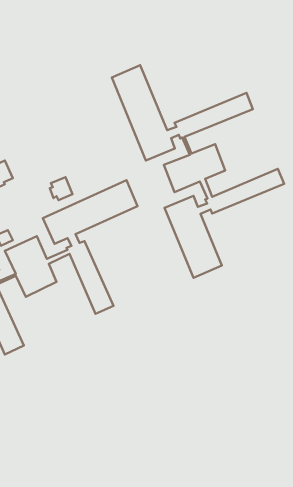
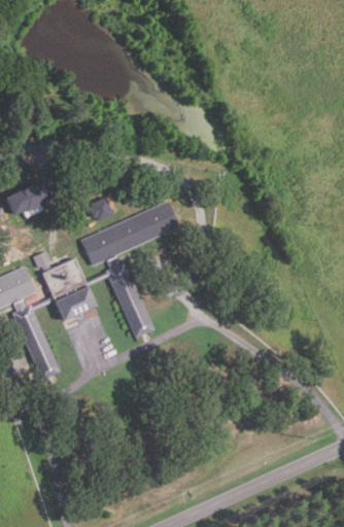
building: [112,65,284,278] -> none

